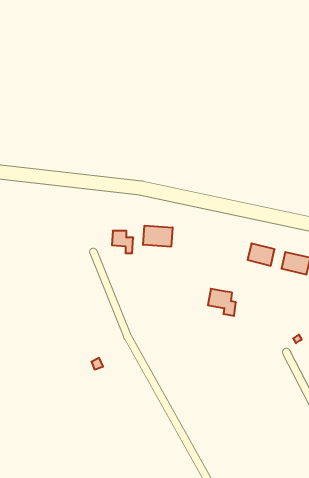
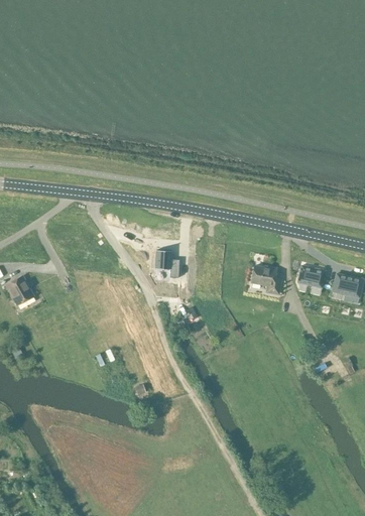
building: [143,226,173,247] -> none
building: [208,289,236,316] -> [251,266,280,294]

